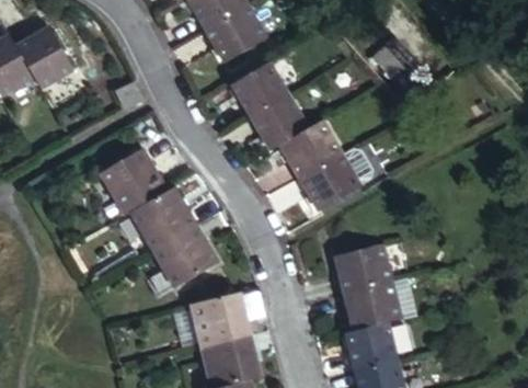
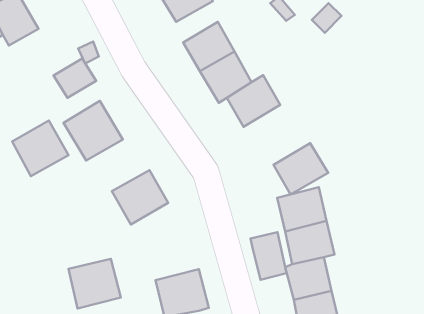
building: none -> [53,58,96,98]
building: [298,153,358,210] -> [274,143,328,194]
building: [131,187,194,249] -> [12,121,68,176]
building: [191,293,249,347] -> [68,259,121,308]
building: none -> [251,232,286,280]

